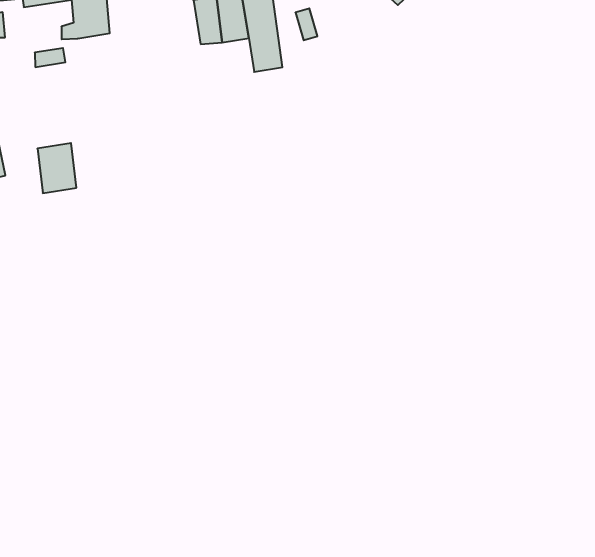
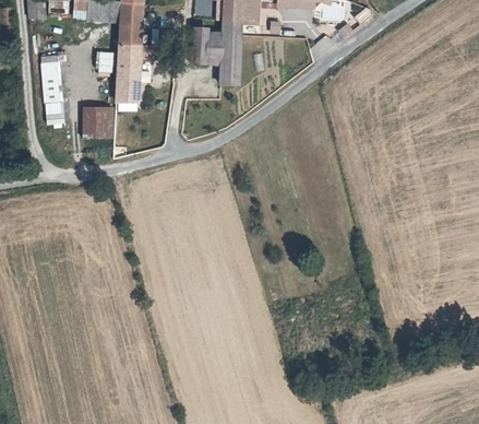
building: none -> [119,47,141,101]

